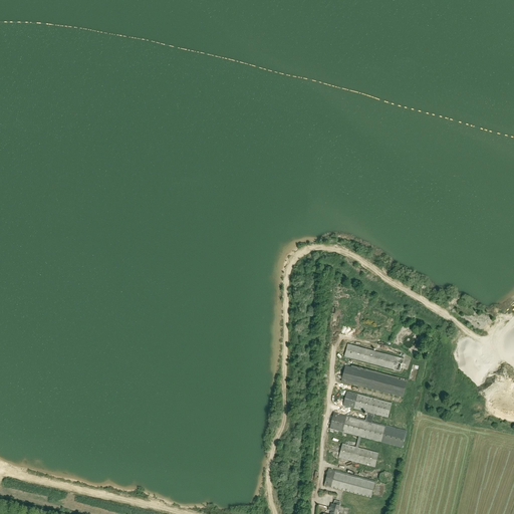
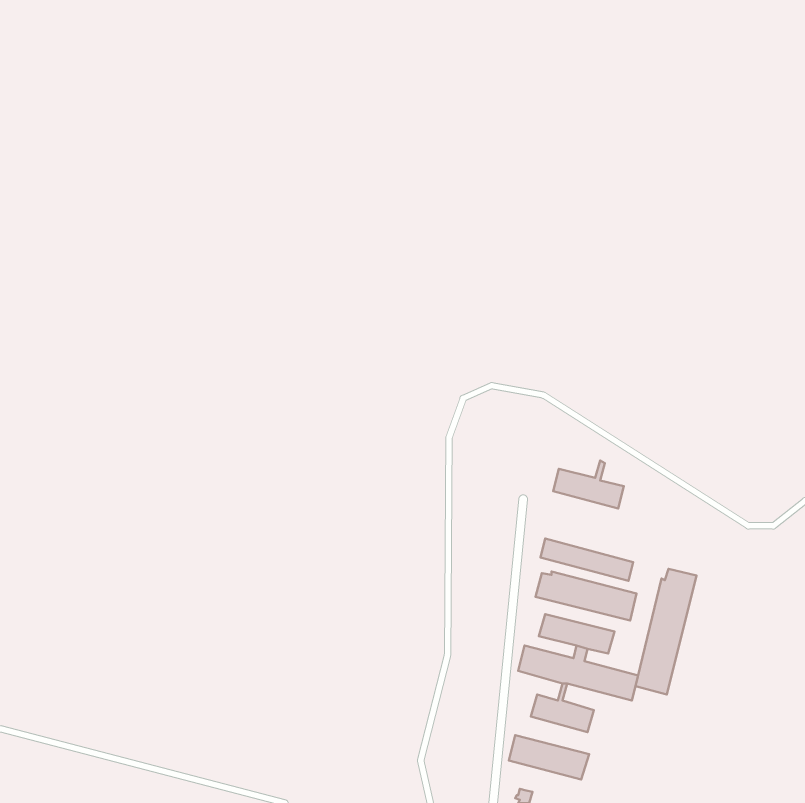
building: none -> [553,461,624,509]
building: none -> [635,569,697,694]

